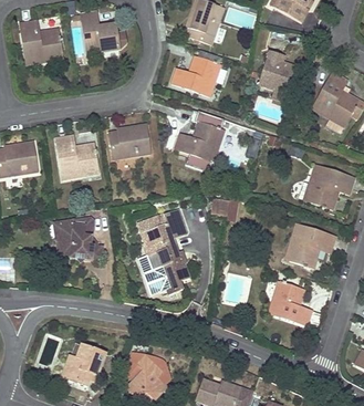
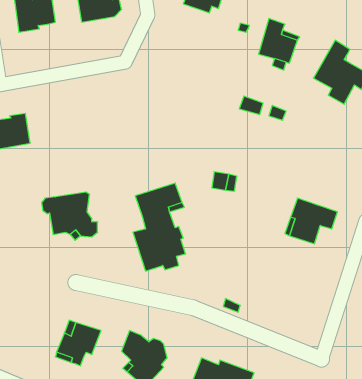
building: [171,56,228,96] -> none
building: [175,122,225,162] -> none
building: [110,124,150,159] -> none
building: [56,135,97,178] -> none
building: [299,165,354,208] -> none
building: [269,281,312,325] -> none

